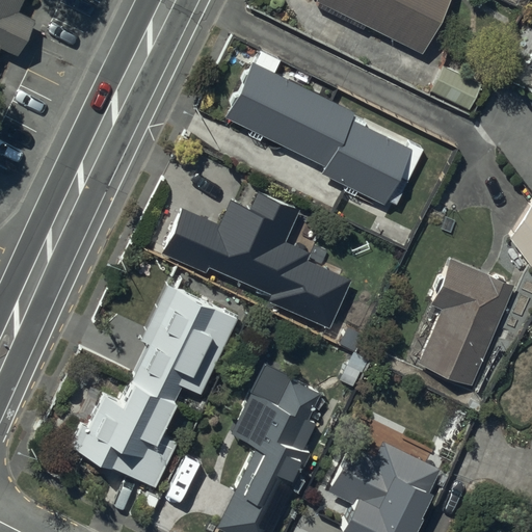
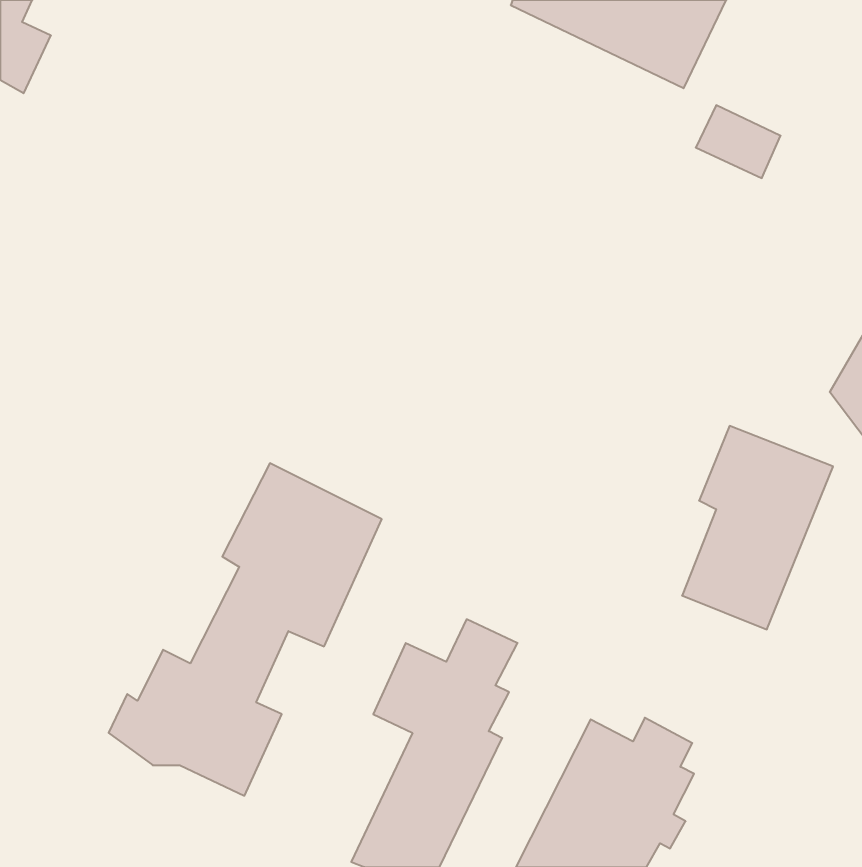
building: [225,54,413,196] -> none
building: [164,192,350,328] -> none

